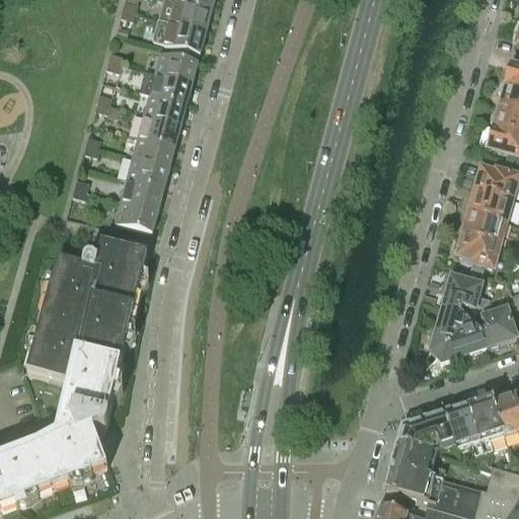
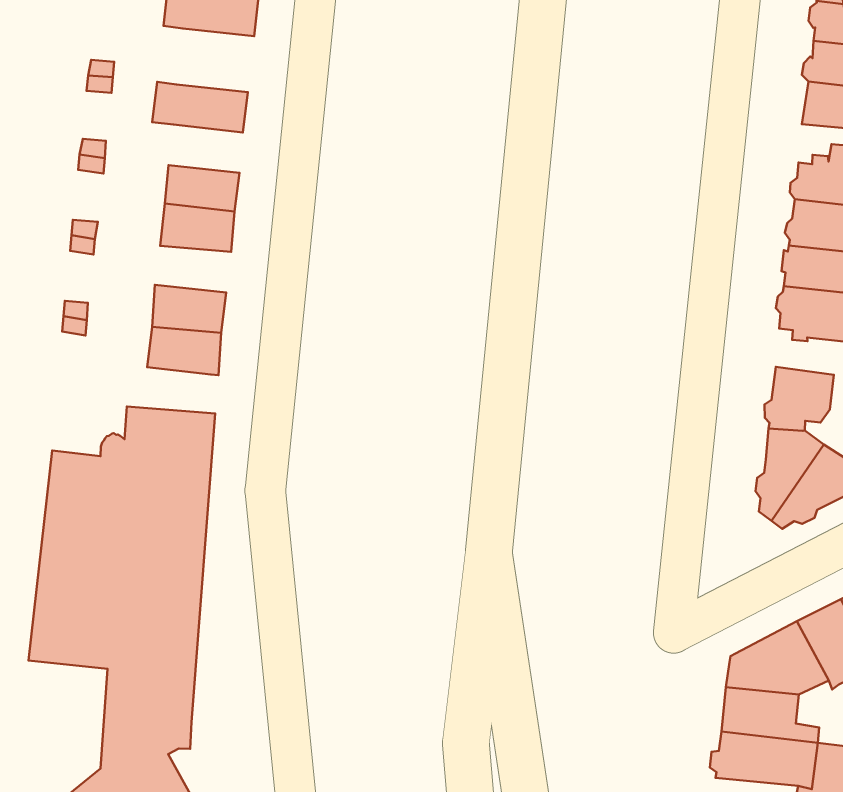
building: [154,48,198,80] -> none
building: [143,91,186,123] -> none
building: [126,155,169,186] -> none

